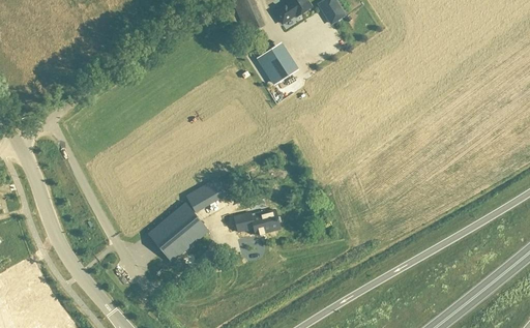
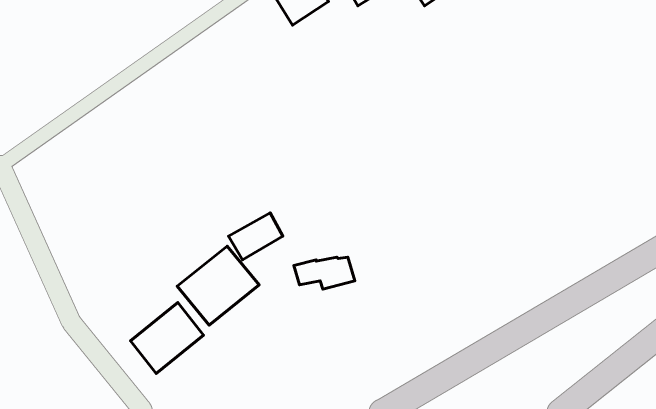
building: [260,46,294,83] -> none
building: none -> [131,303,204,373]

